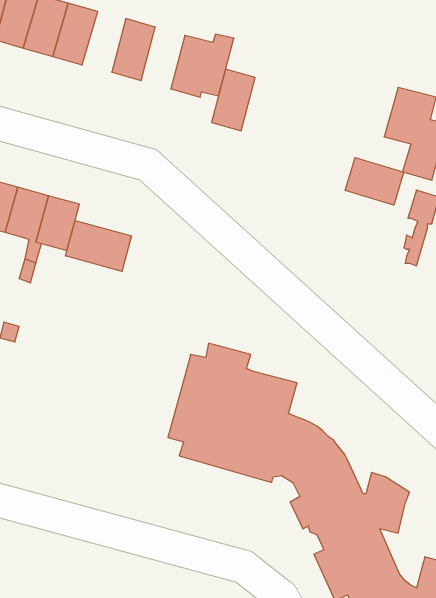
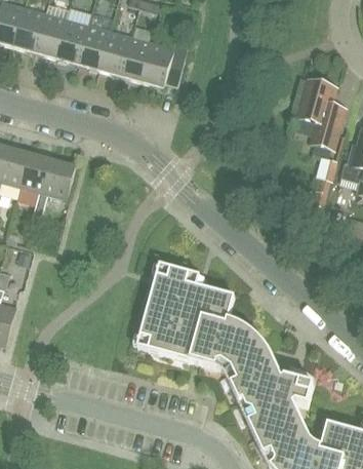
building: none -> [77,25,109,69]
building: [212,69,255,131] -> [120,36,152,81]
building: [345,158,404,205] -> none
building: [65,220,132,271] -> none

